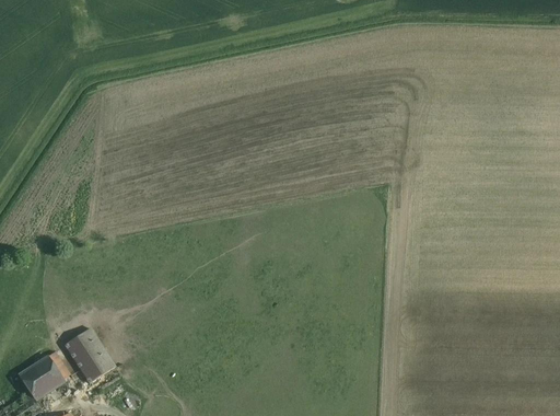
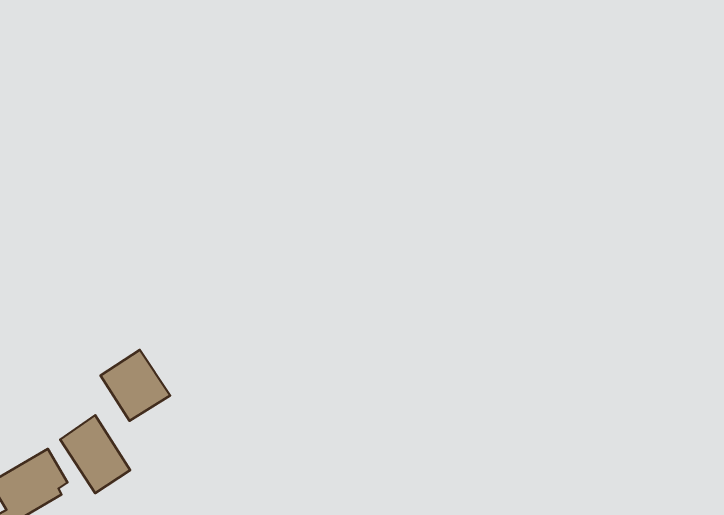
building: none -> [100,350,170,421]

